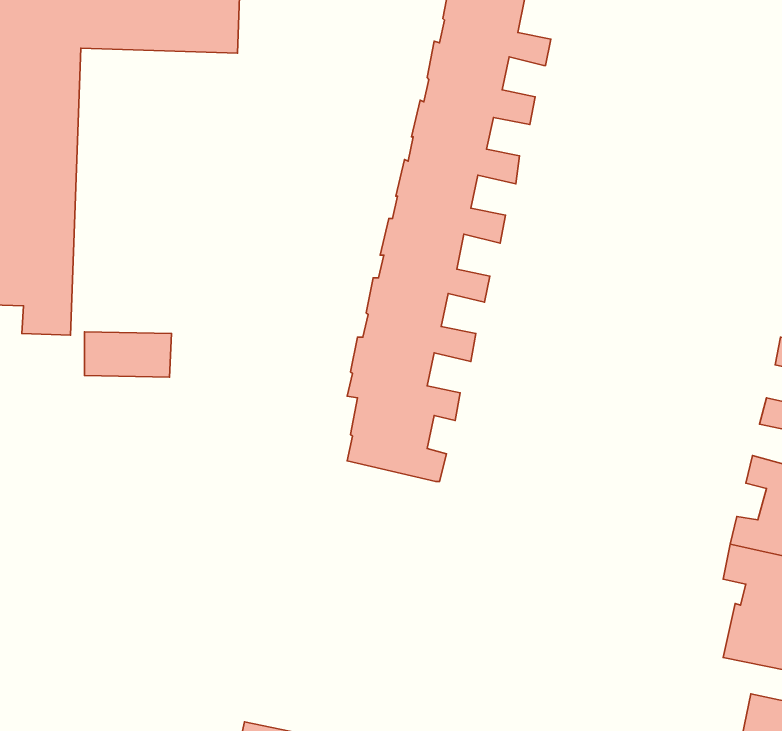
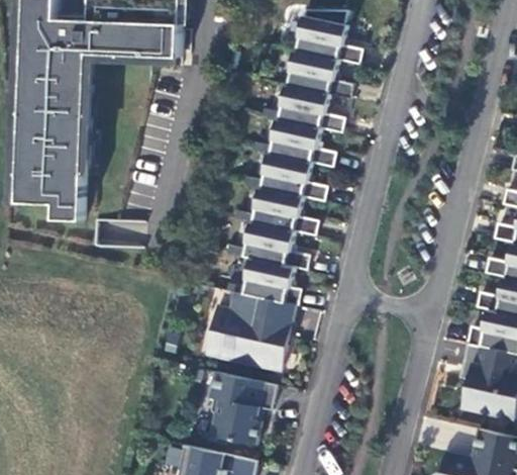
building: none -> [205,292,295,371]
building: none -> [208,372,276,446]

